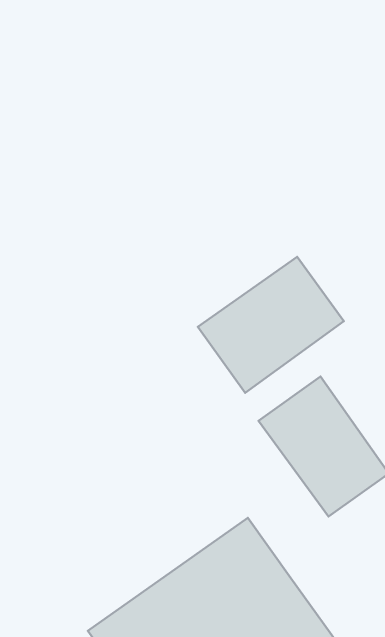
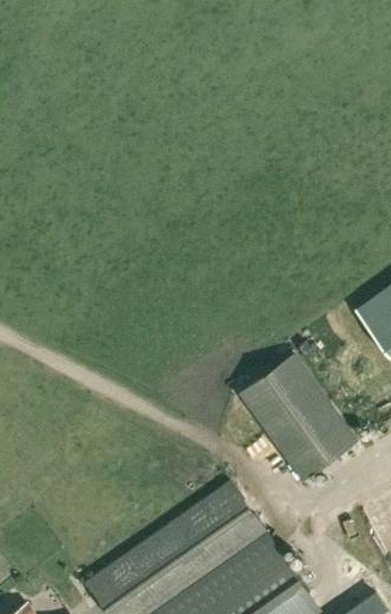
building: [198,257,344,393] -> none

